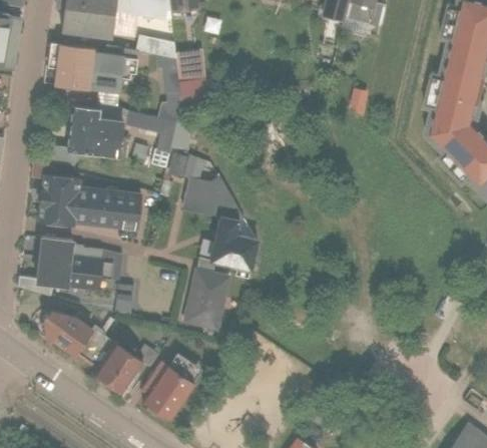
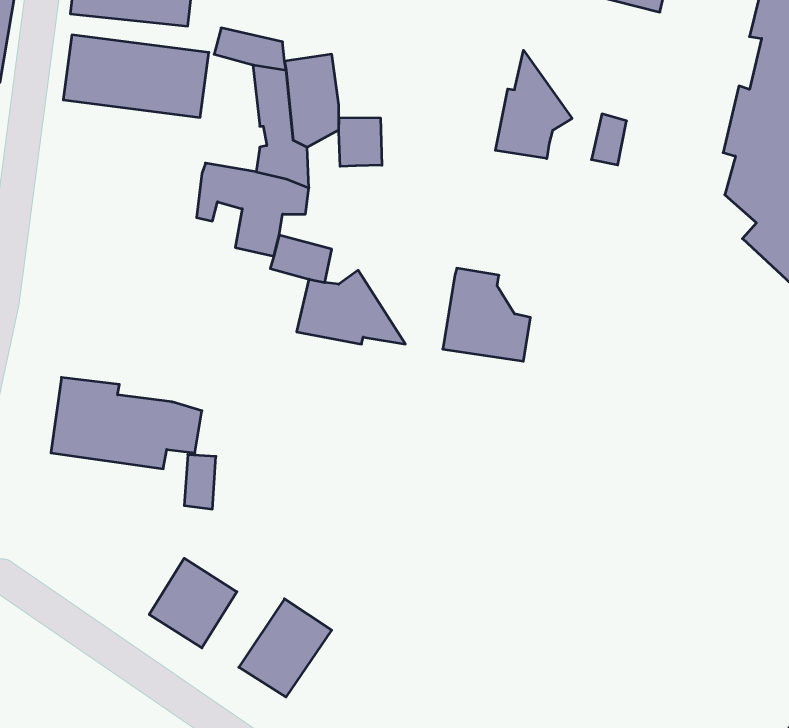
building: none -> [495,50,572,159]
building: none -> [339,118,382,166]
building: [65,105,125,158] -> none
building: [41,172,143,231] -> none
building: [209,214,260,268] -> [443,268,530,361]
building: [185,268,229,331] -> none
building: [39,304,96,358] -> none

